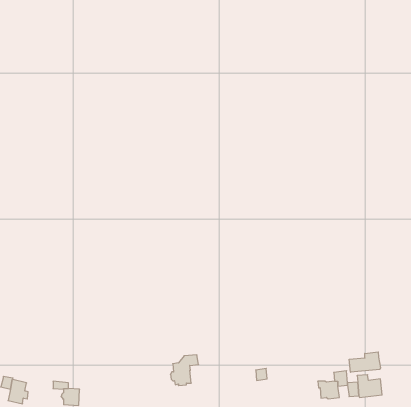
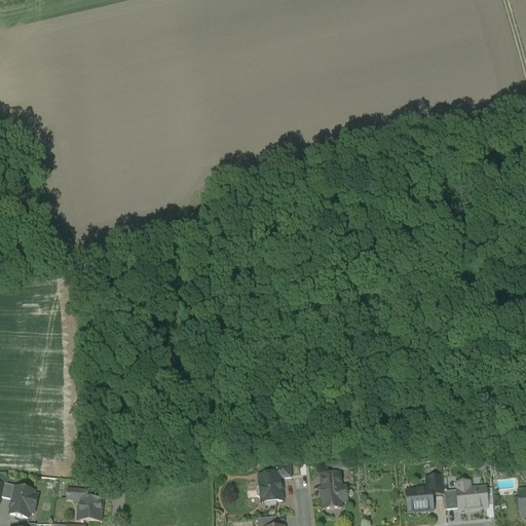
building: [349,352,380,372] -> none
building: [170,355,199,386] -> [256,462,292,501]
building: none -> [322,484,347,506]

